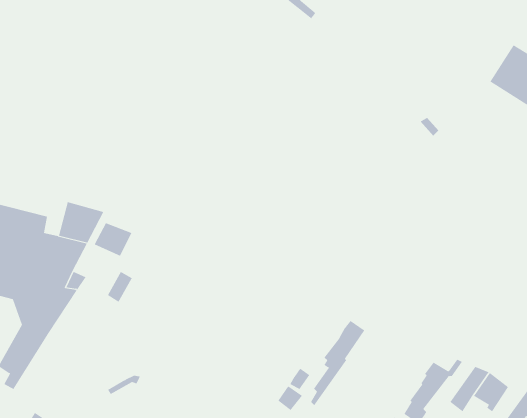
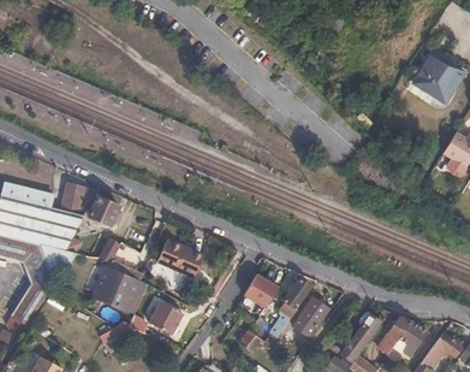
building: none -> [159,238,204,277]
building: none -> [95,267,139,309]
building: none -> [243,270,279,306]
building: none -> [293,296,329,335]
building: none -> [149,300,183,332]

